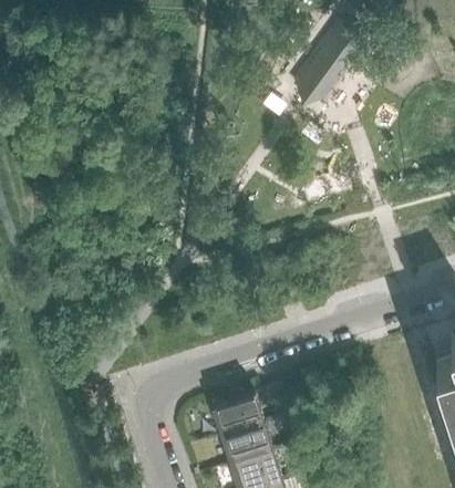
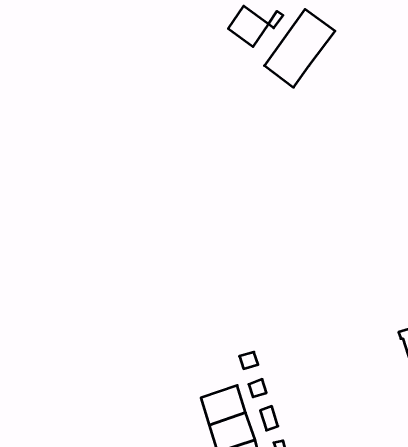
building: none -> [228,6,269,47]
building: [211,390,260,432] -> none

